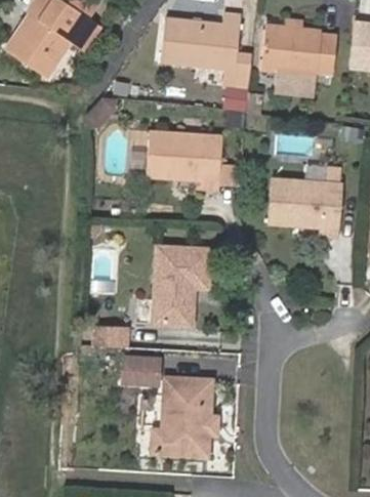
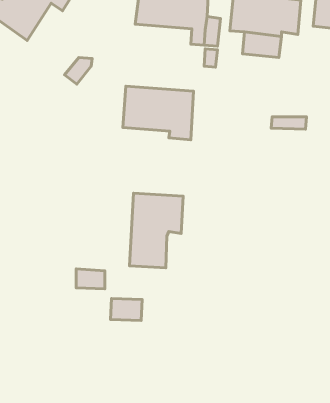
building: [269,177,342,236] -> none
building: [160,375,217,451] -> none

